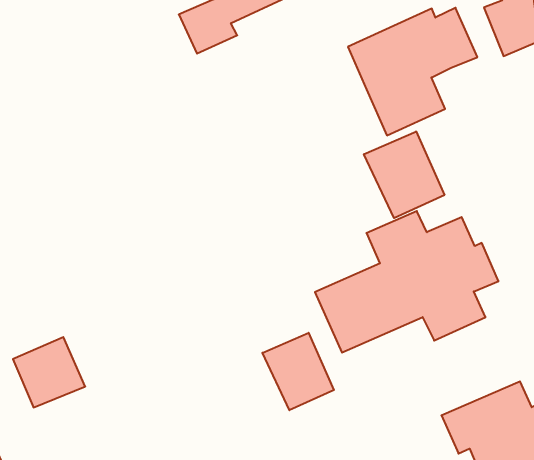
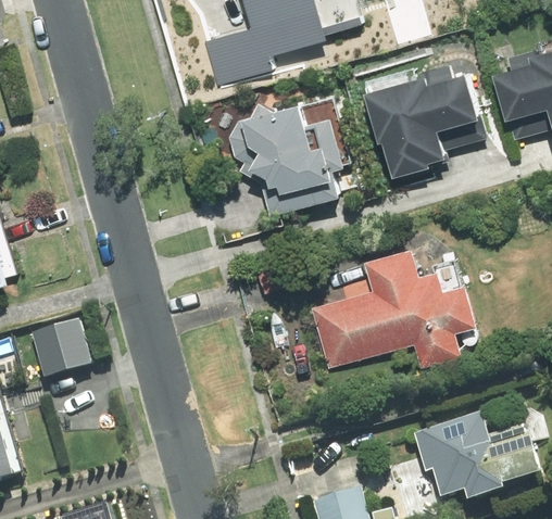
building: none -> [237,101,347,200]
building: [364,131,444,218] -> none
building: [262,333,334,410] -> none

